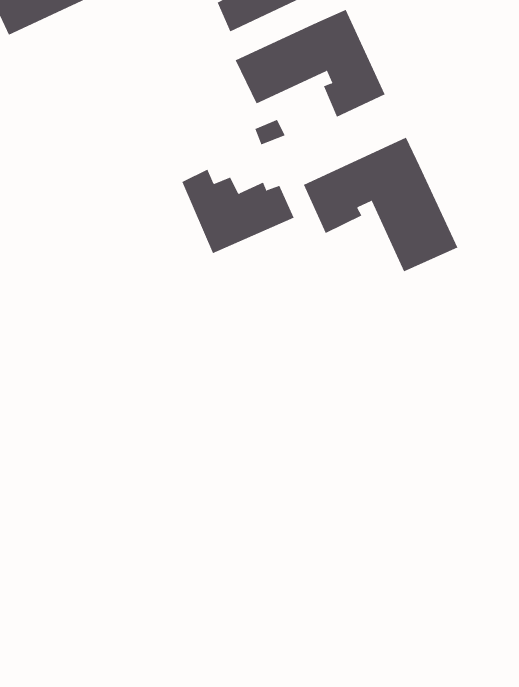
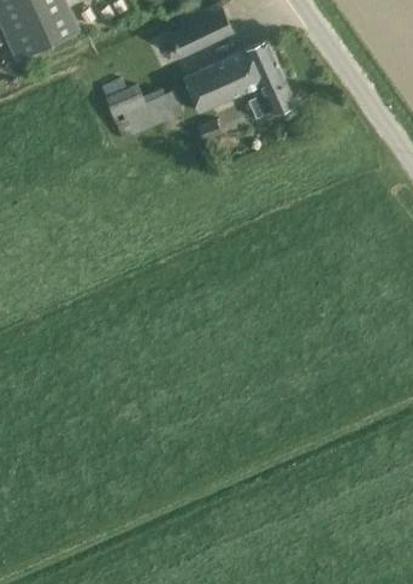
building: [303,137,458,272] -> none
building: [181,169,295,254] -> [100,78,183,141]

